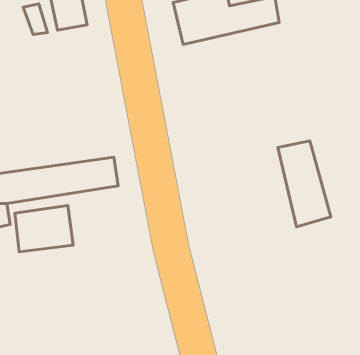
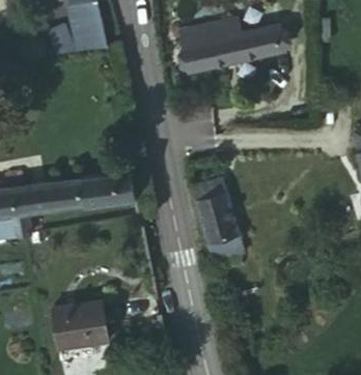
building: [278,141,331,227] -> [197,177,247,258]
building: [15,206,73,252] -> [49,309,104,352]

